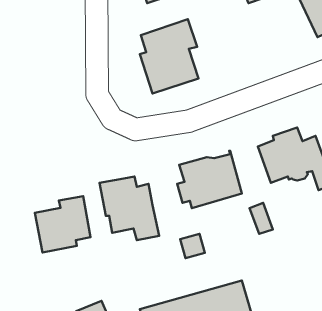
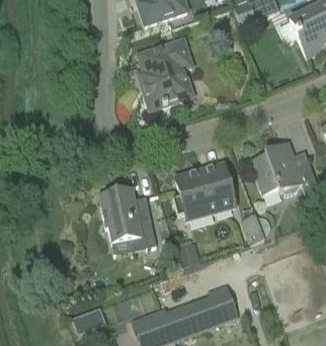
building: [35,196,90,253] -> none

